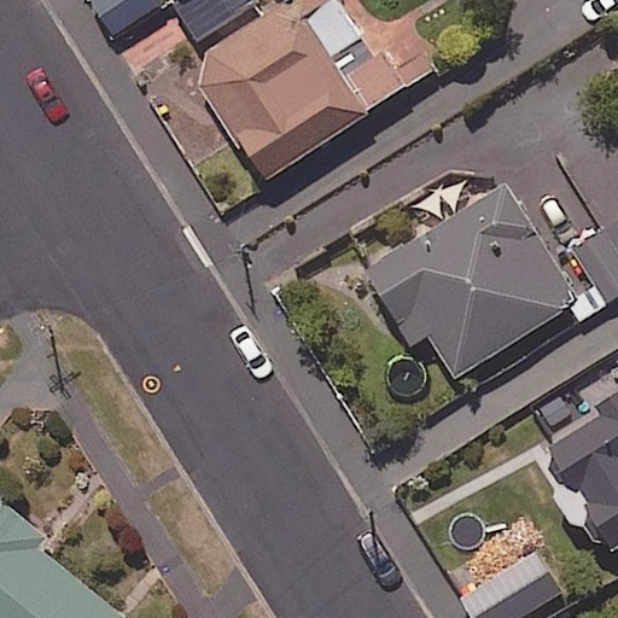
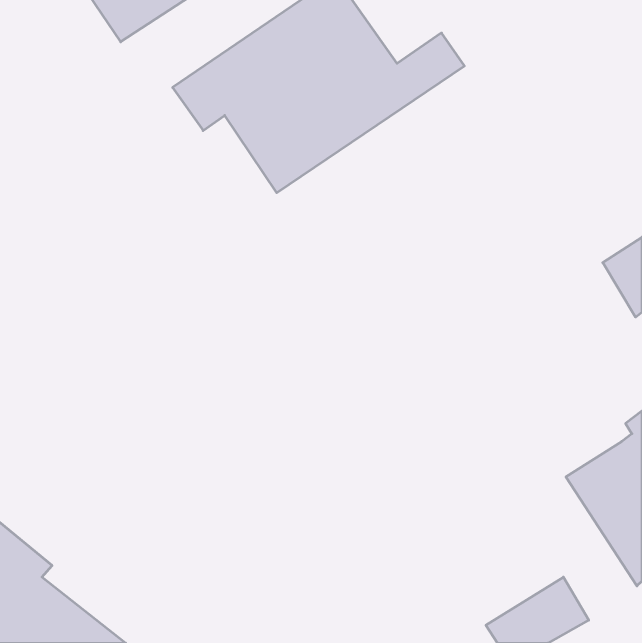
building: [367,185,579,377] -> none

